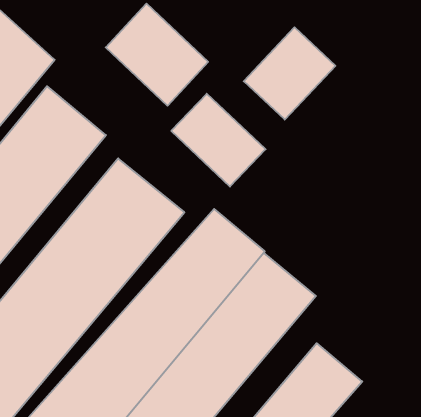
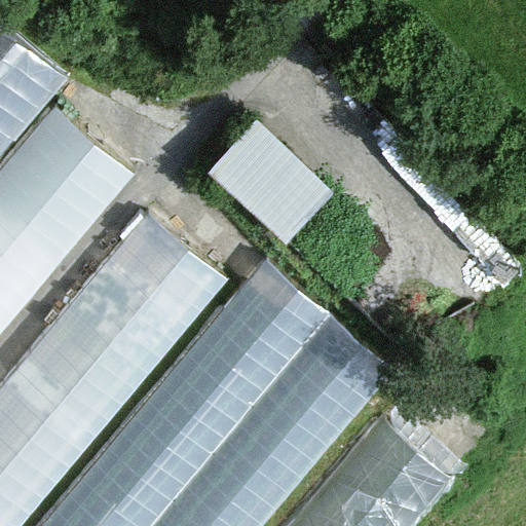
building: [106,4,208,106] -> none
building: [244,27,335,120] -> none

